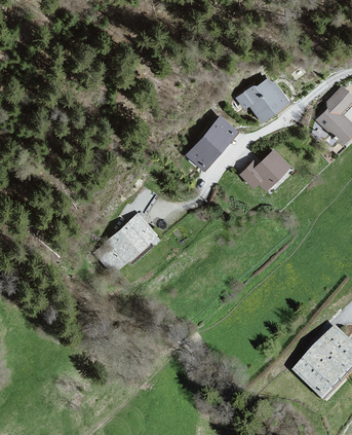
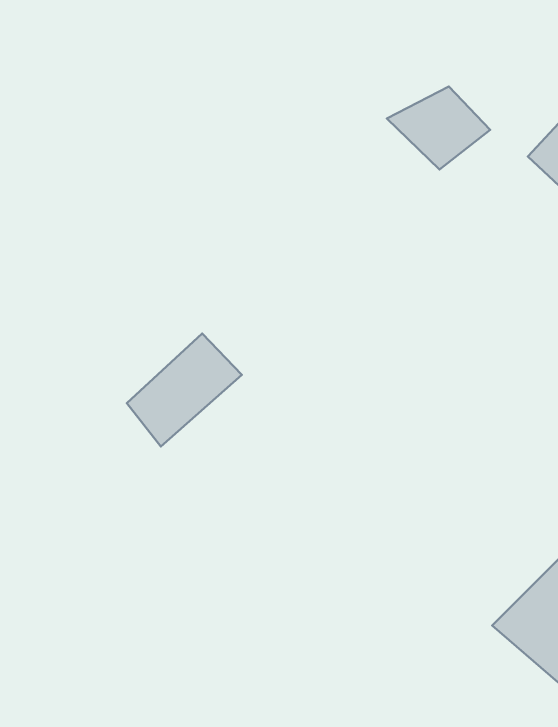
building: [187,114,233,162] -> none
building: [244,148,292,193] -> none

